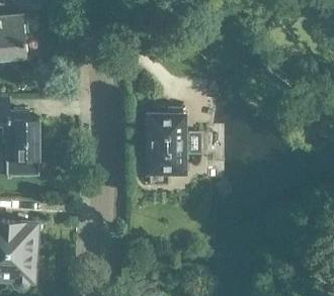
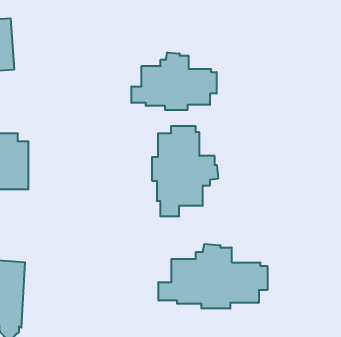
building: none -> [131,52,217,110]
building: none -> [159,244,267,309]

